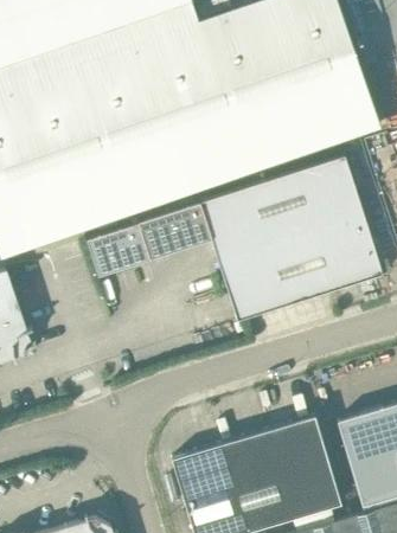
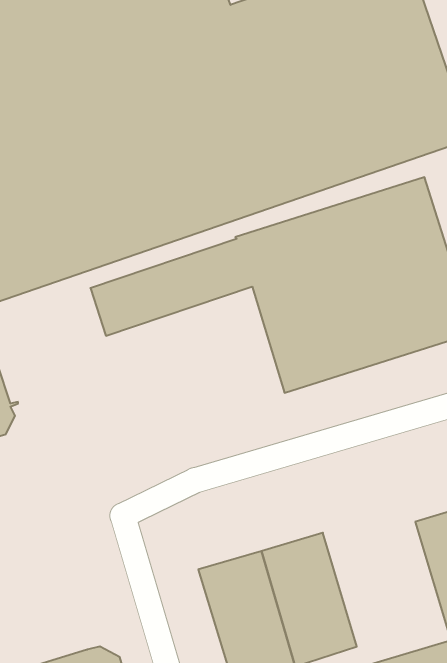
building: [267,416,341,518] -> none

